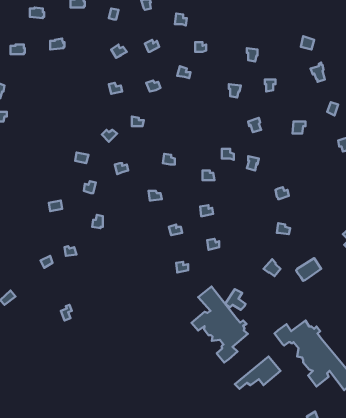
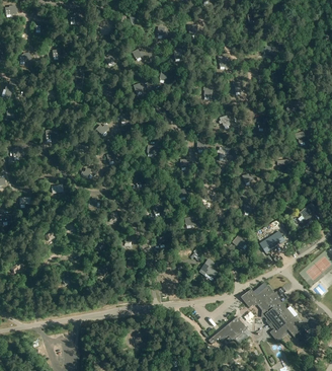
building: [191,286,248,362] -> none

